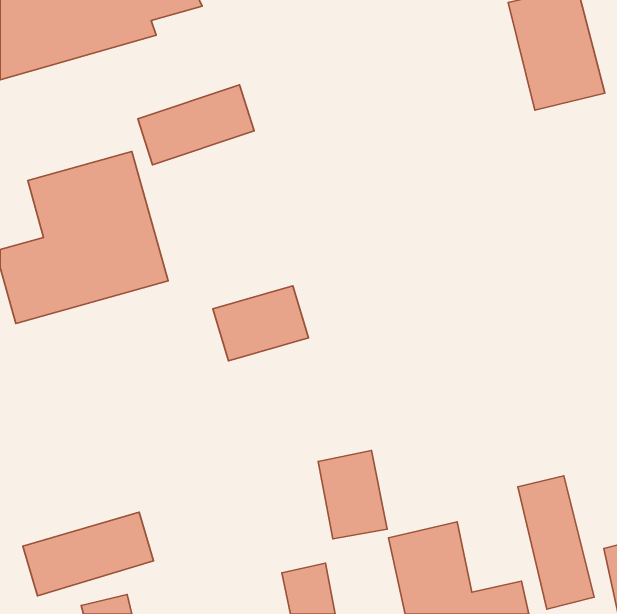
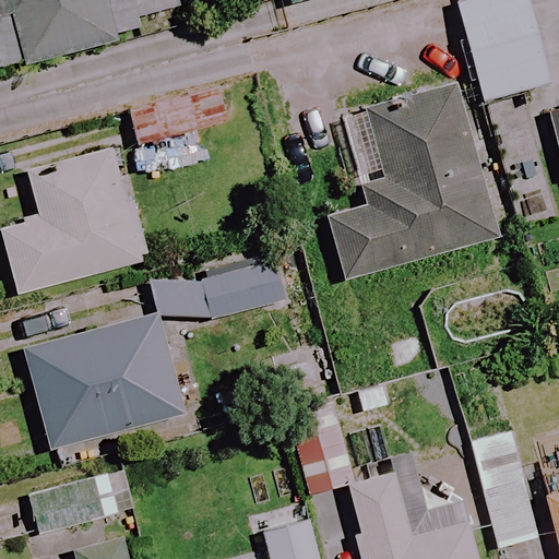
building: none -> [328,86,503,281]
building: none -> [24,314,182,452]

